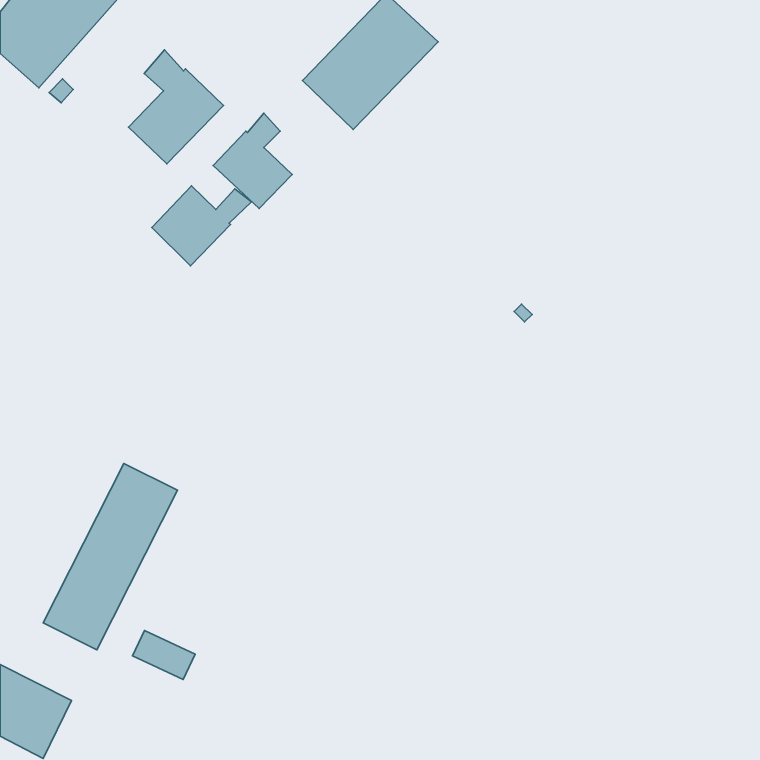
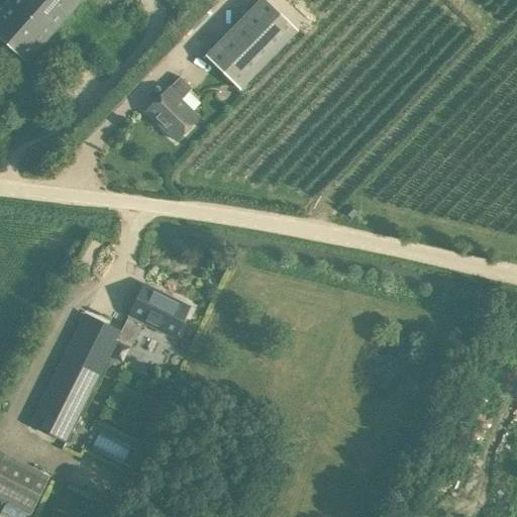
building: [128,50,224,164] -> none
building: [152,186,251,266] -> none
building: none -> [118,284,189,345]

